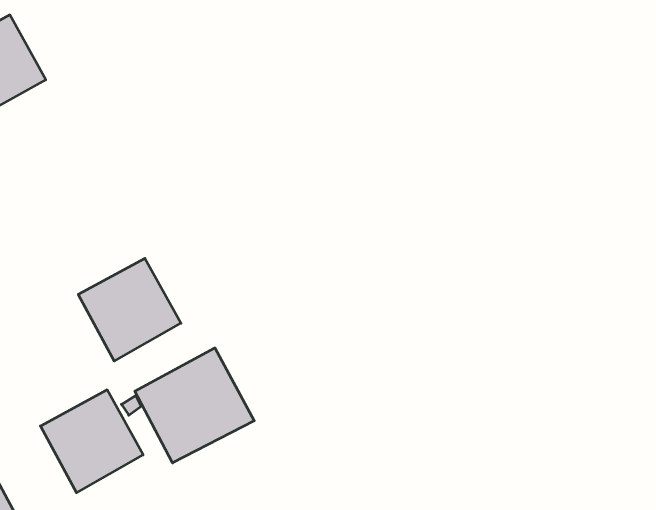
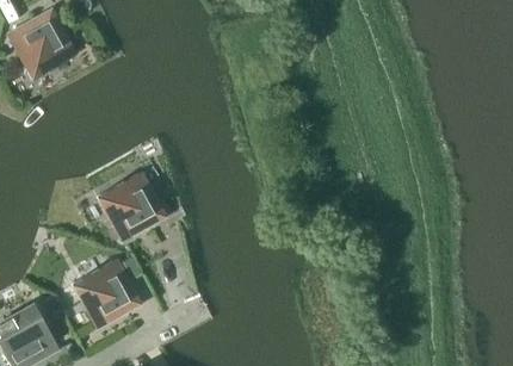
building: [135,348,254,463] -> none

